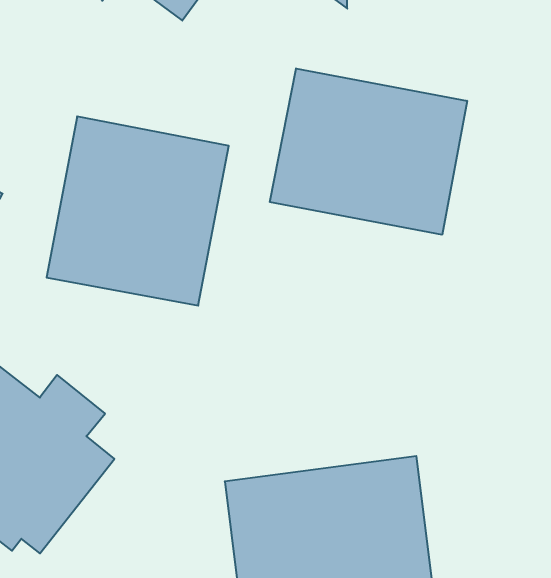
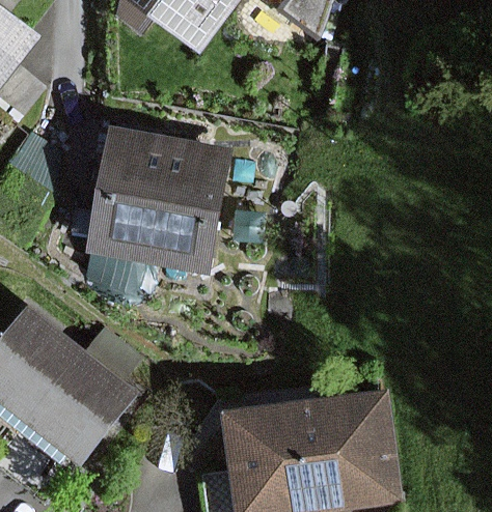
building: [270,68,467,235] -> none

